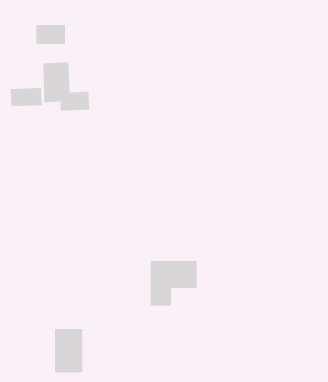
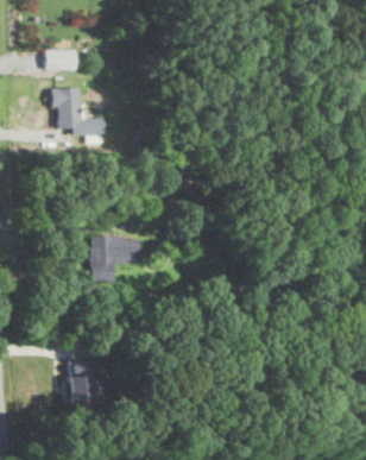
building: [10,87,42,107] -> none
building: [150,261,198,306] -> [92,237,140,283]

